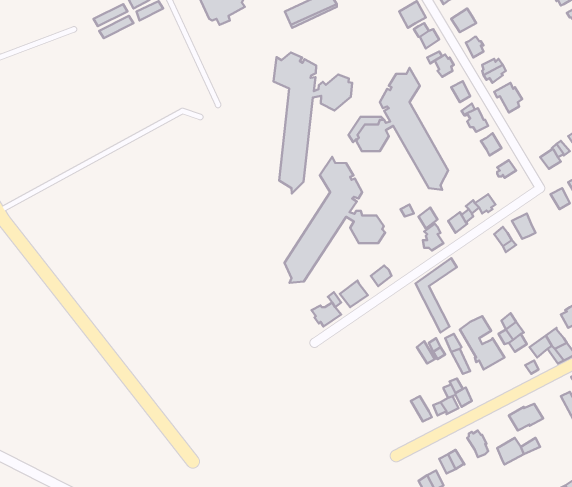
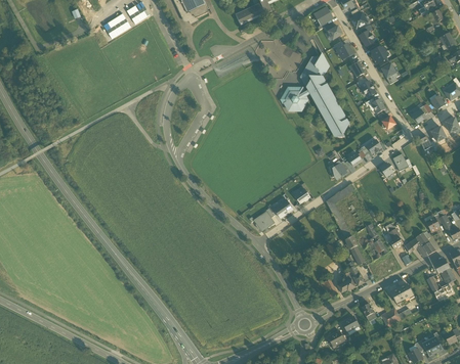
building: [274,52,352,193] -> none
building: [284,157,385,283] -> none

